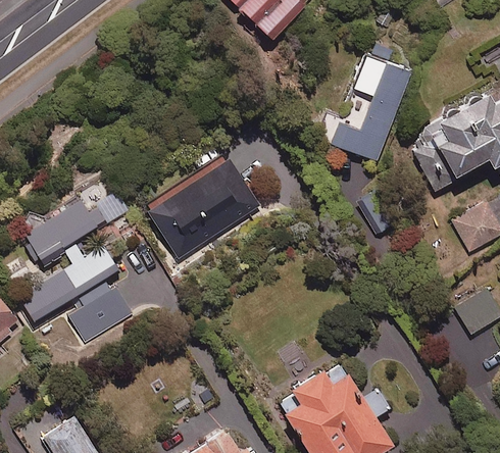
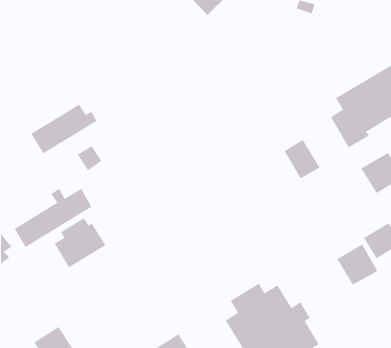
building: [332,44,409,161] -> none
building: [146,157,261,261] -> none
building: [19,199,103,262] -> [30,104,98,154]
building: none -> [337,244,378,286]

